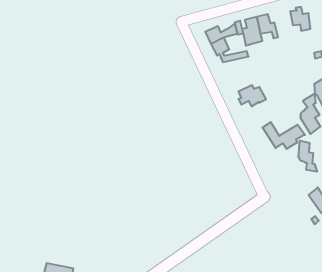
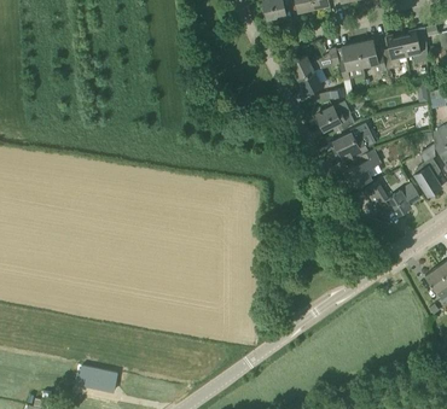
building: none -> [381,35,405,70]
building: none -> [315,106,353,132]
building: none -> [344,148,381,187]
building: [299,140,317,172] -> none

